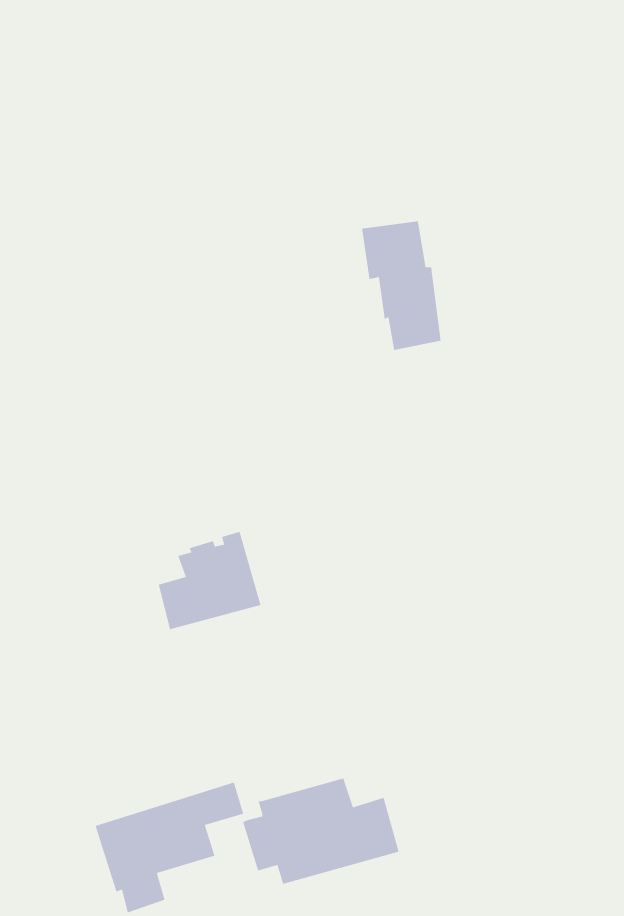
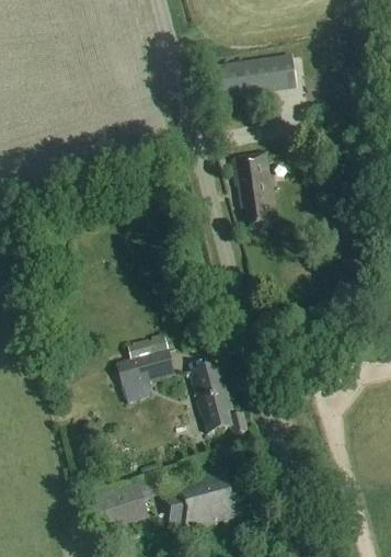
building: none -> [216,53,297,100]
building: none -> [193,367,244,436]

